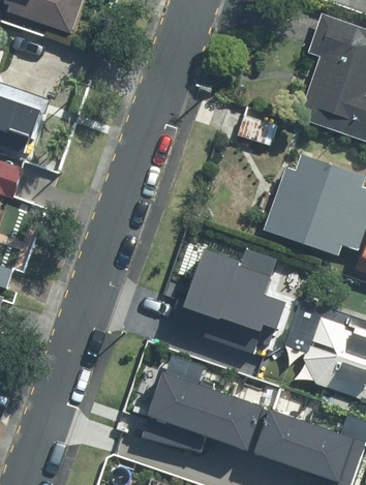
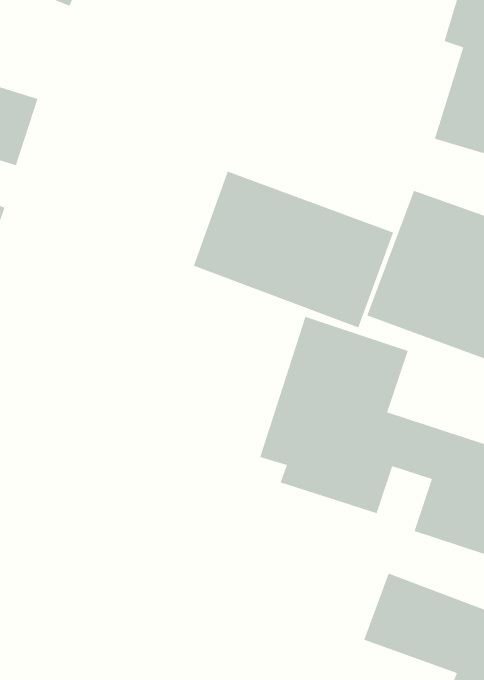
building: none -> [193,171,394,328]
building: [146,352,270,448] -> none

